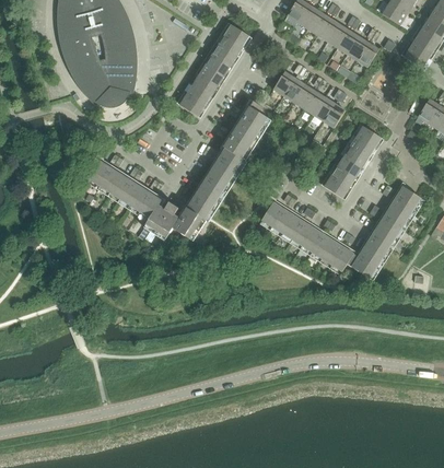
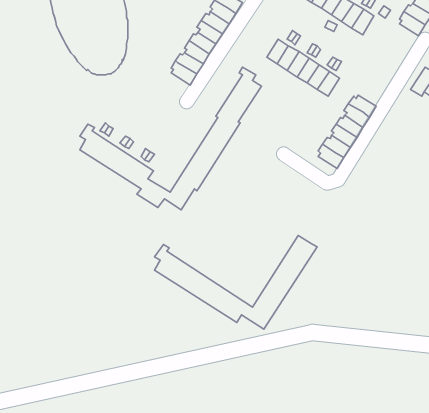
building: [261,186,421,278] -> [155,236,317,329]

